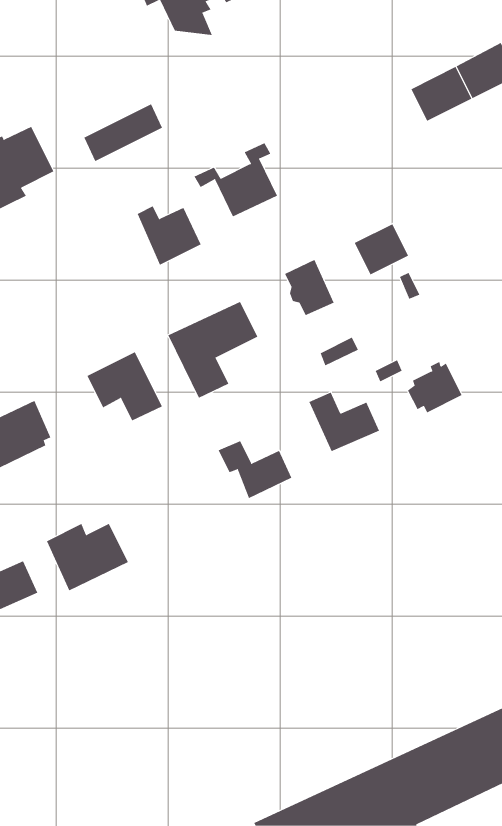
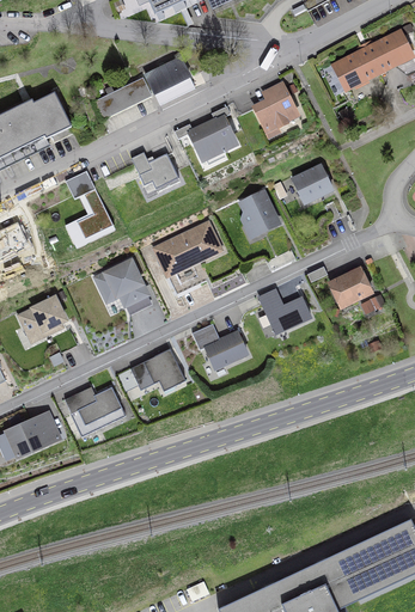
building: none -> [146,59,193,105]
building: none -> [255,82,297,129]
building: none -> [66,170,114,244]
building: none -> [117,348,185,391]

